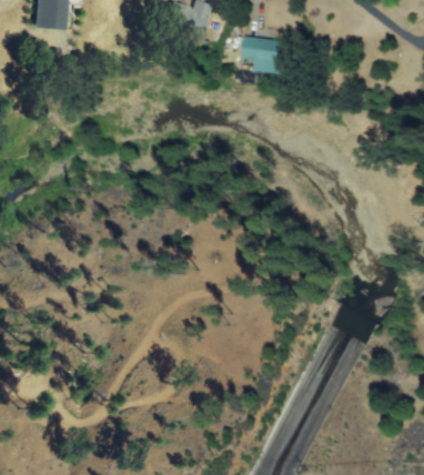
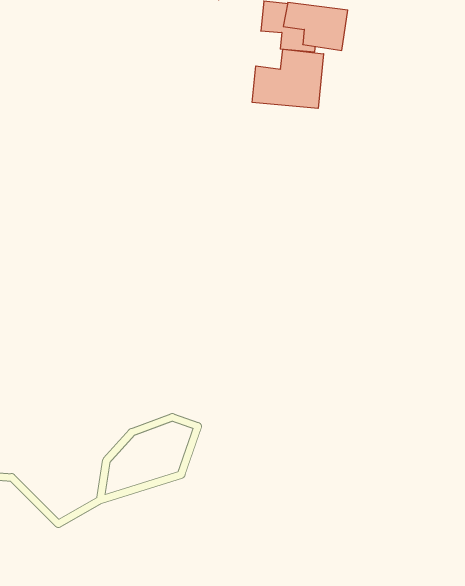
building: none -> [252,49,324,108]

